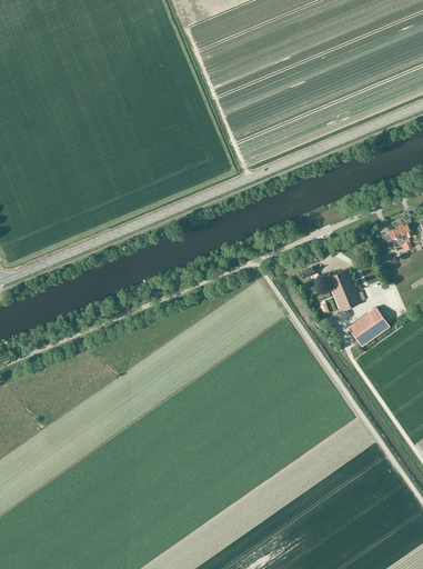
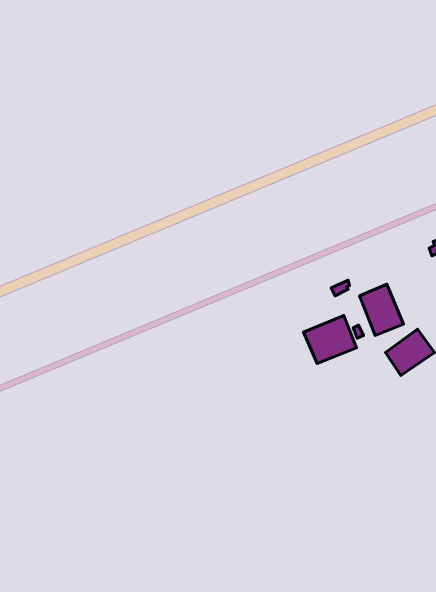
building: none -> [304,315,357,363]

